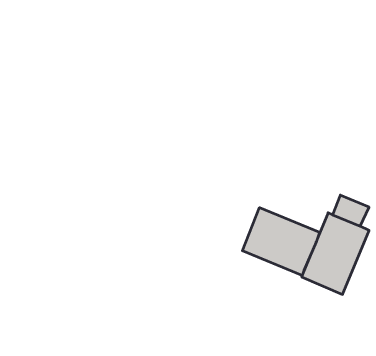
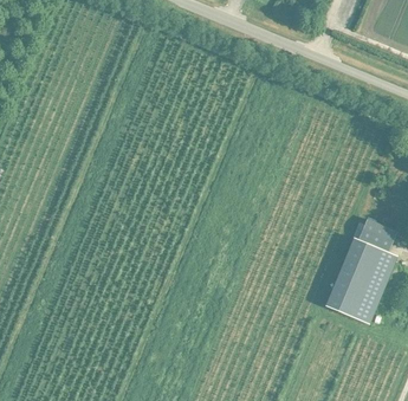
building: [242,208,319,275] -> none

